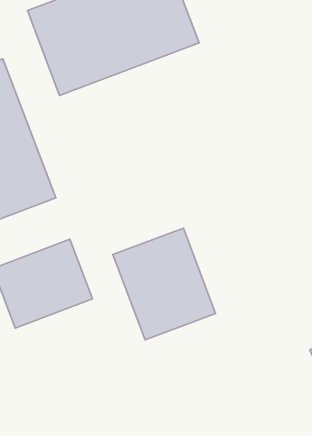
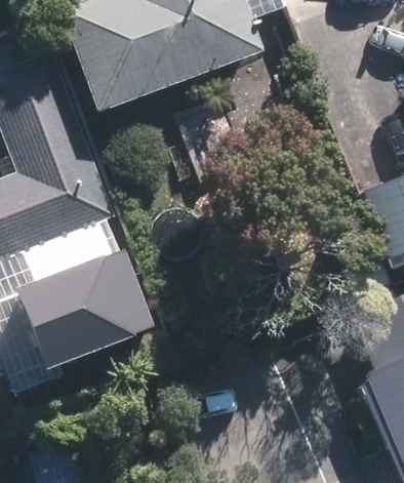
building: [113,228,216,340] -> none

